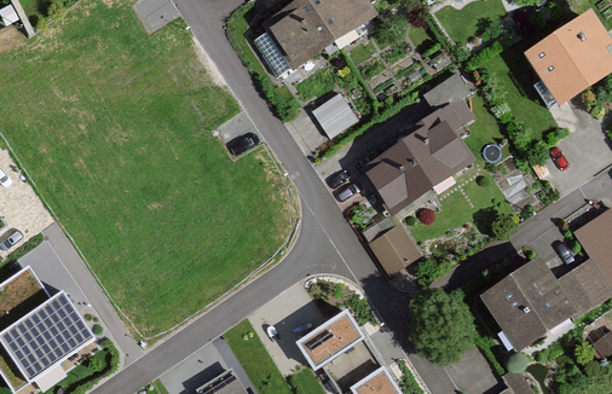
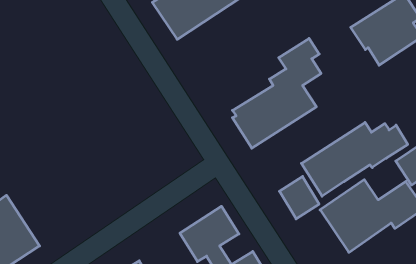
building: [313,86,359,132] -> none
building: none -> [301,122,408,196]
building: [369,214,421,270] -> [279,176,319,219]

